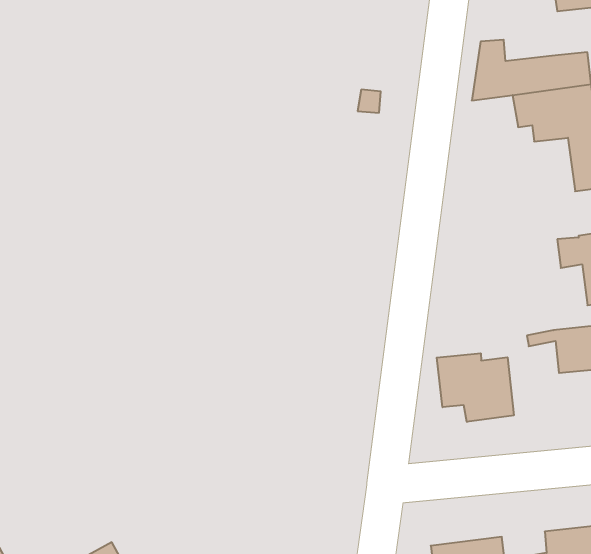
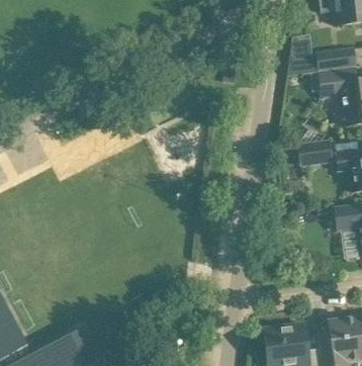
building: none -> [296,140,332,164]
building: [437,353,514,422] -> none

